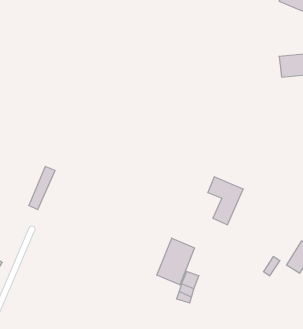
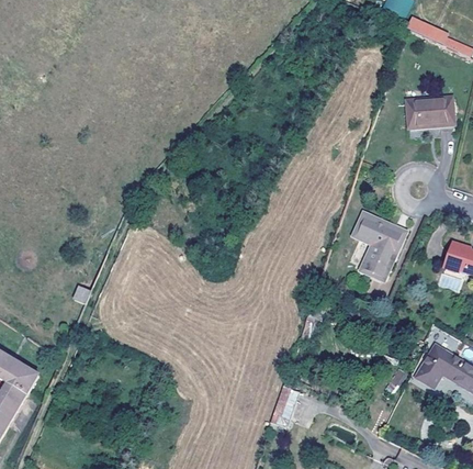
building: [208,177,243,225] -> [356,215,403,279]
building: [157,238,195,285] -> none

